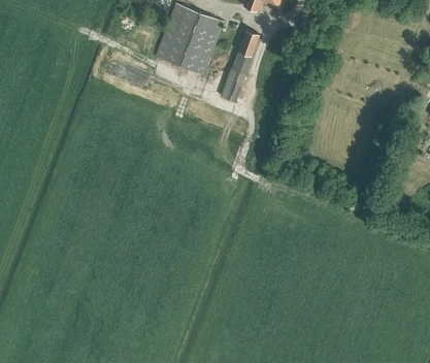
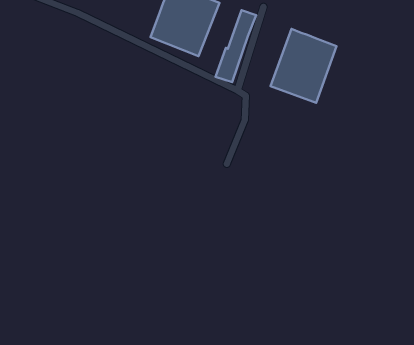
building: none -> [270,29,337,103]

